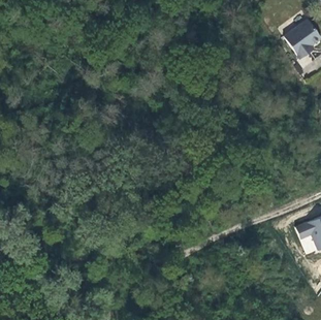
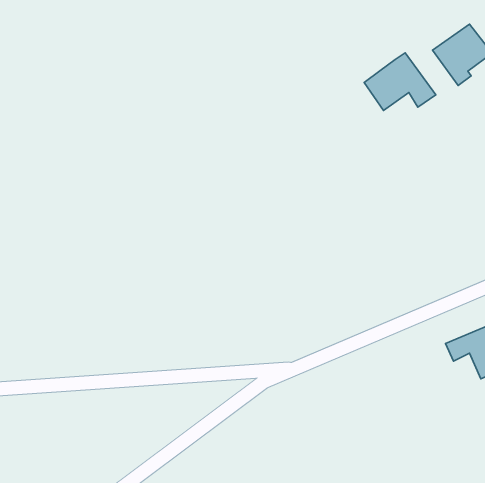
building: none -> [364,53,436,110]

